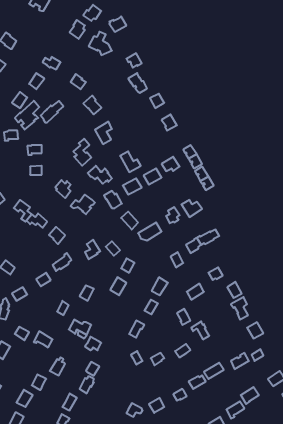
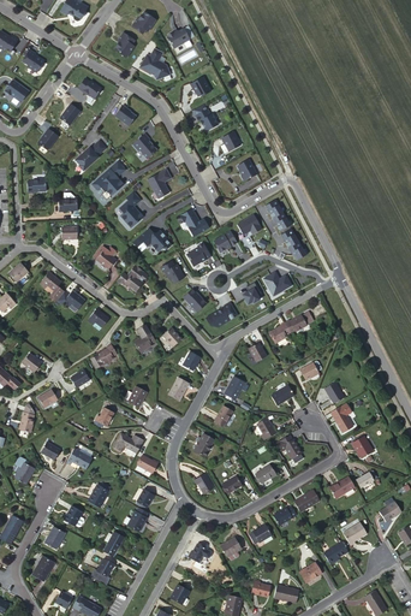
building: [15,101,39,130] -> [93,161,125,200]

